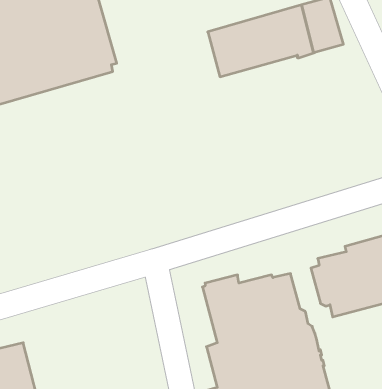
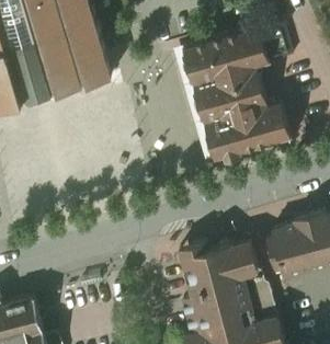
building: none -> [192,66,289,161]

